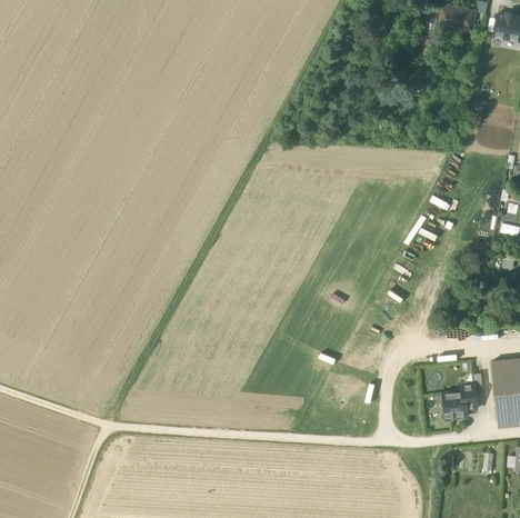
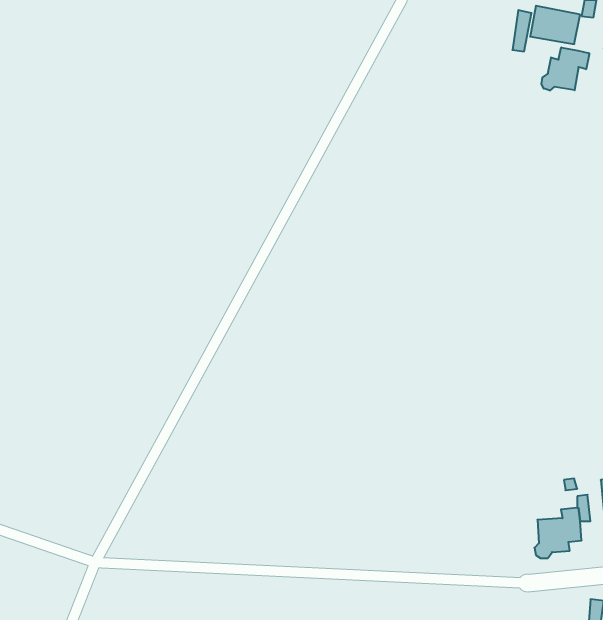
building: none -> [542,47,589,91]

